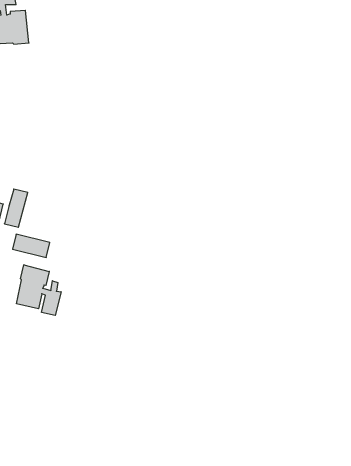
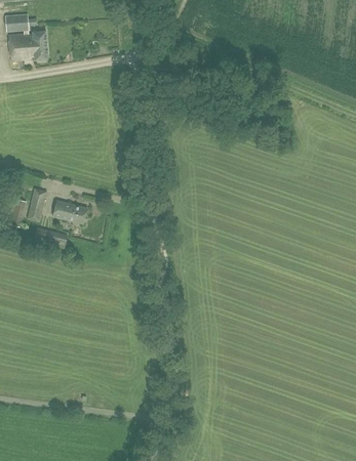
building: none -> [51,199,85,222]
building: [17,265,61,315] -> none

